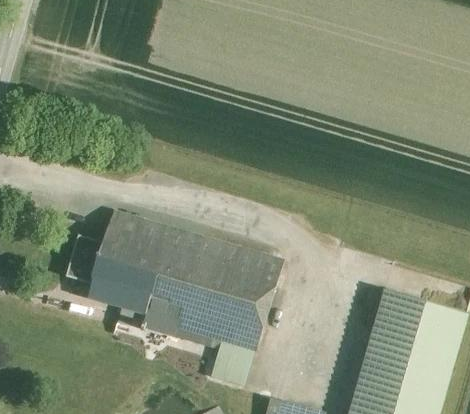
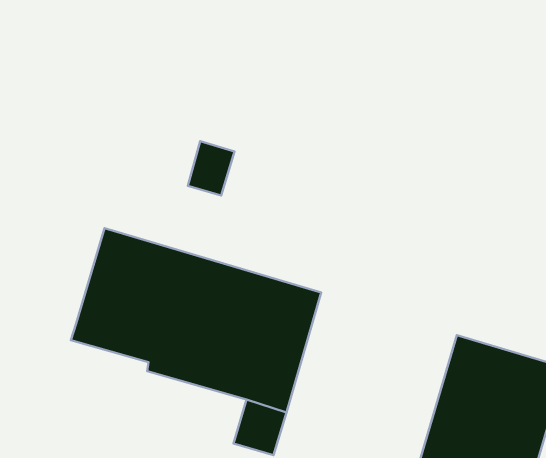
building: none -> [188,141,234,195]
building: [65,236,101,283] -> none

